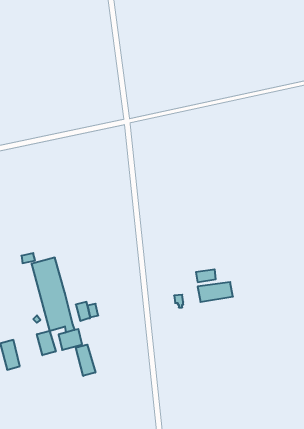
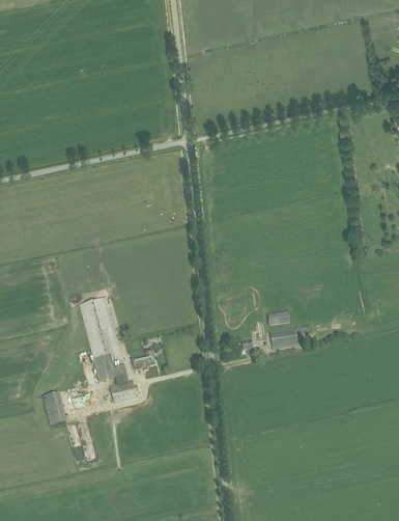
building: [37,331,56,355] -> none
building: [76,345,95,376] -> none

